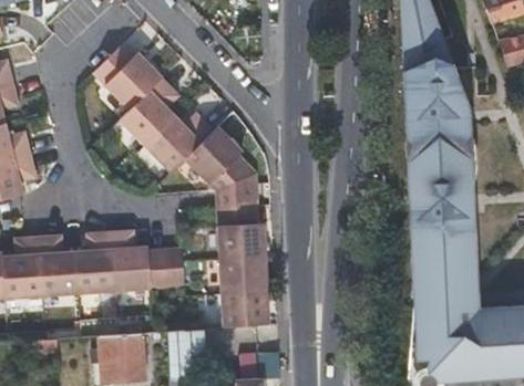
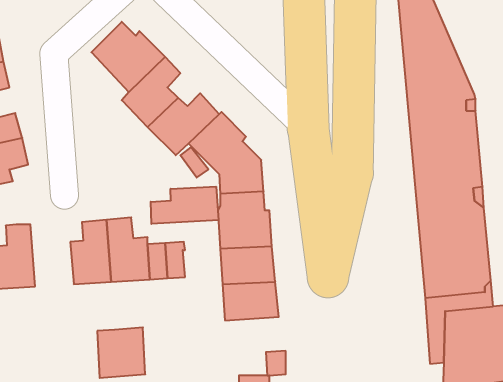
building: none -> [151,187,218,224]
building: [39,234,80,294] -> none
building: [168,328,205,378] -> none

